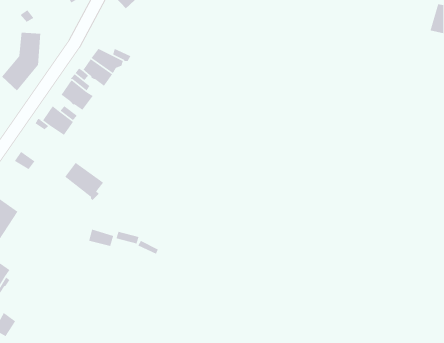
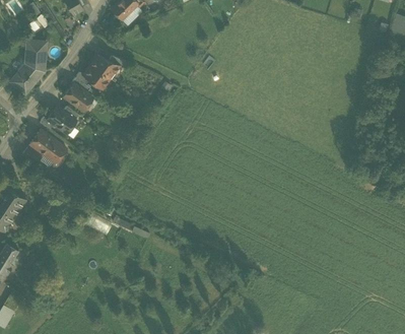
building: [64,162,104,201] -> [29,130,65,164]

